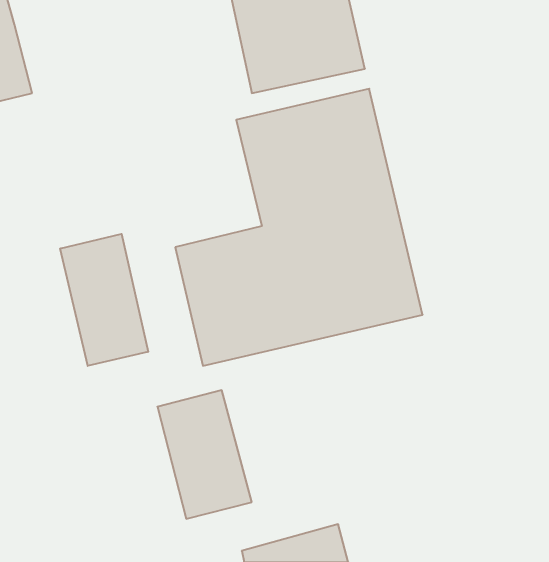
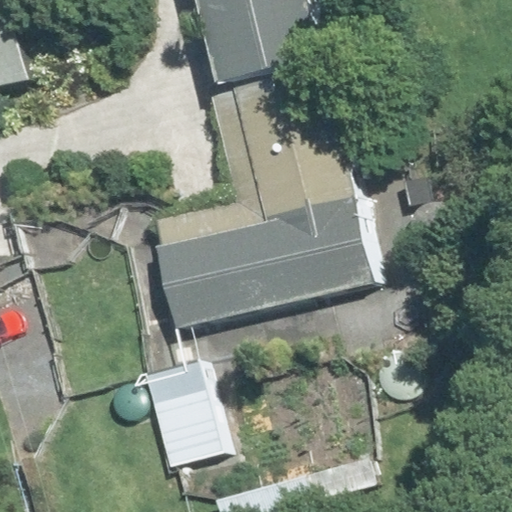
building: [60,234,148,366] -> none

